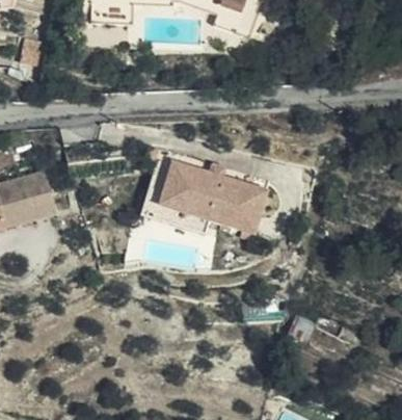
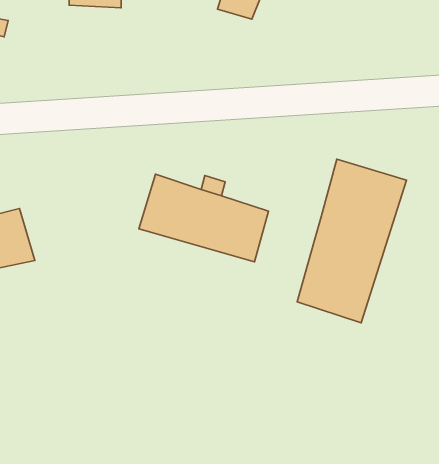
building: none -> [297,159,407,323]

